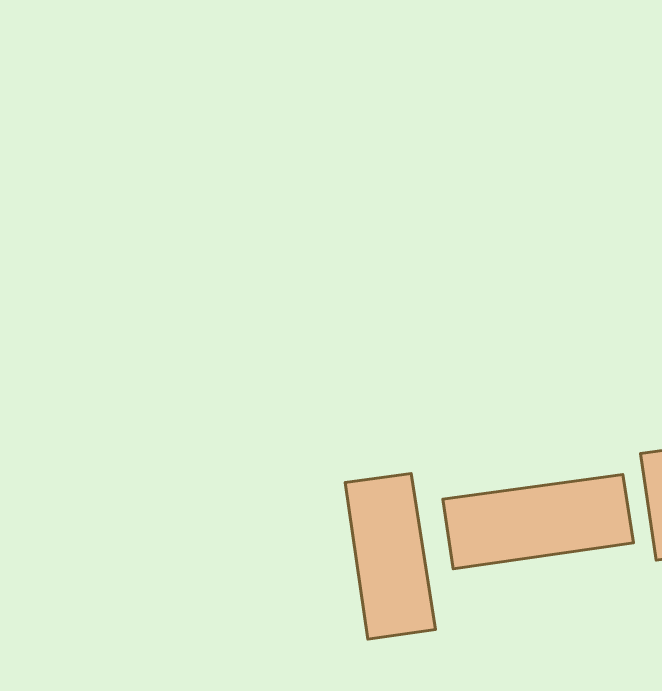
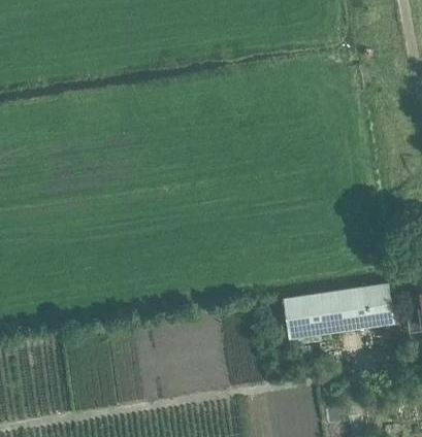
building: [345,473,436,639] -> none

